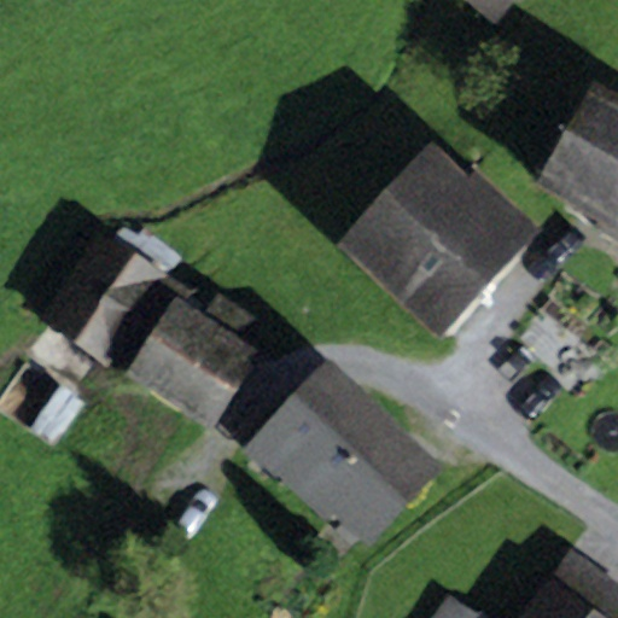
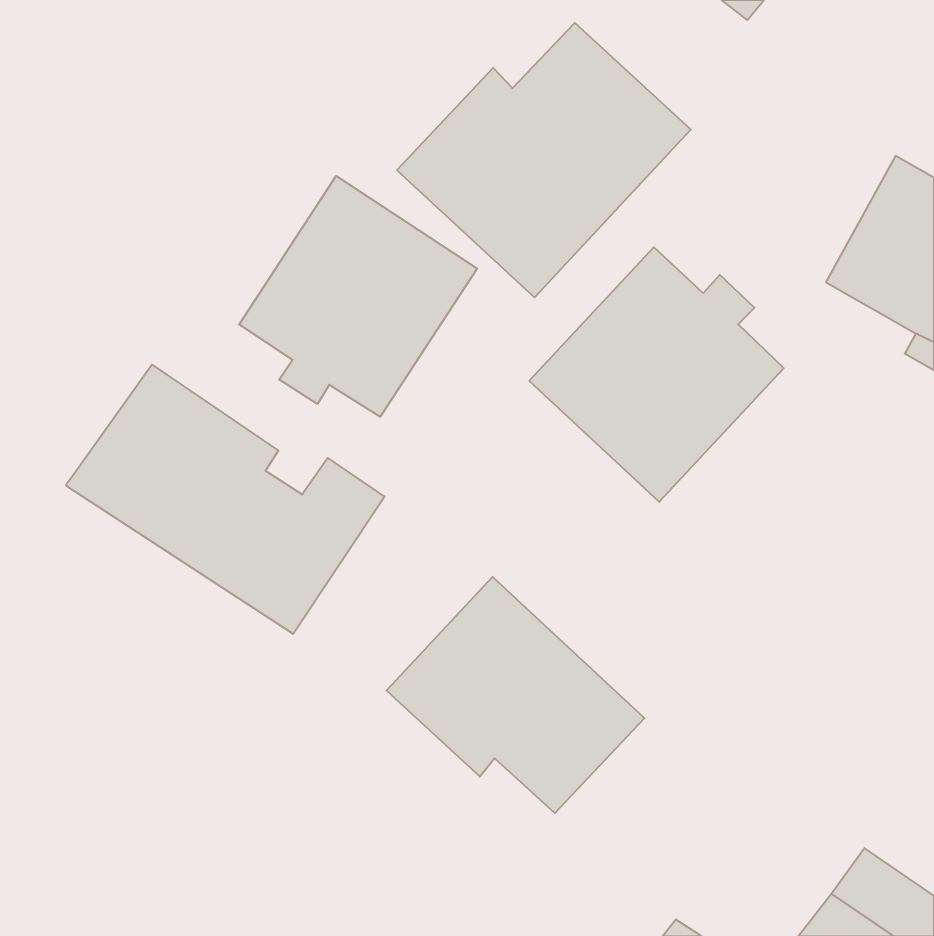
building: none -> [397,23,691,297]
building: none -> [239,176,477,417]

